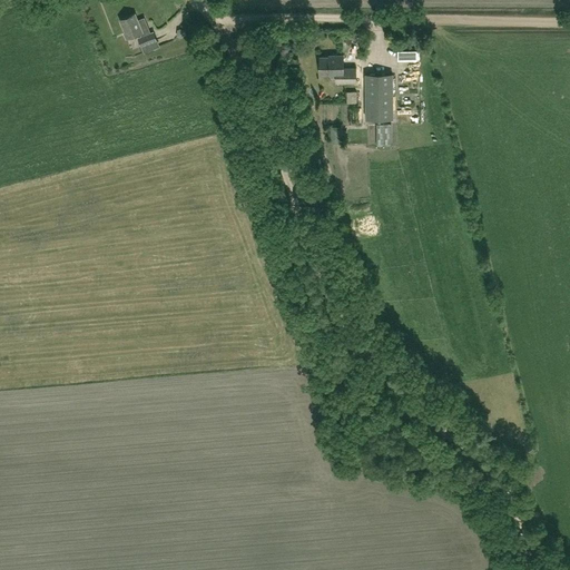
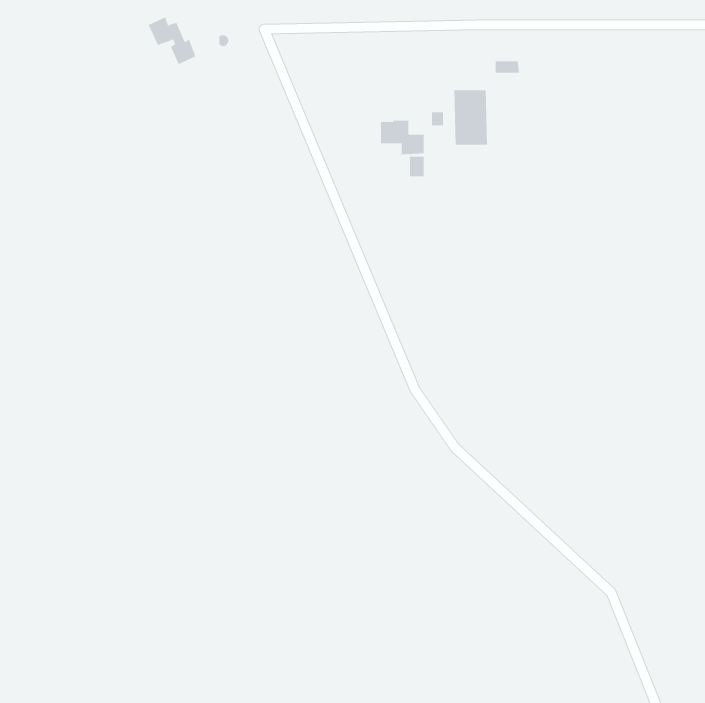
building: [318,57,355,85] -> [380,120,426,155]

